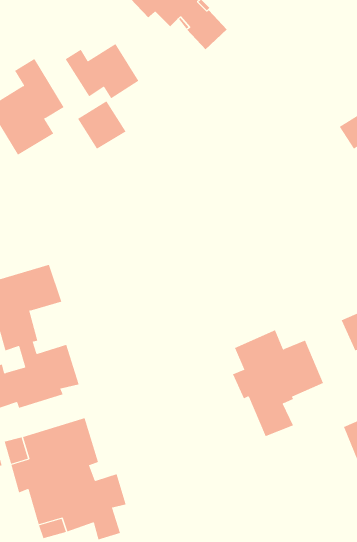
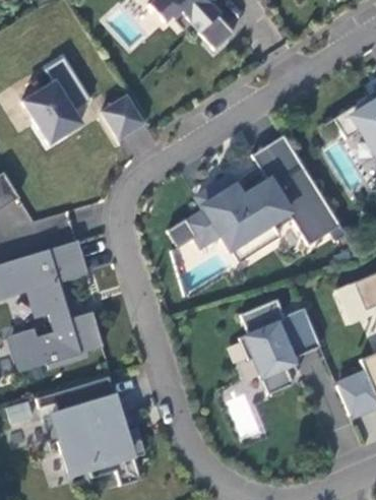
building: [65,43,139,99] -> none
building: none -> [169,136,344,261]

